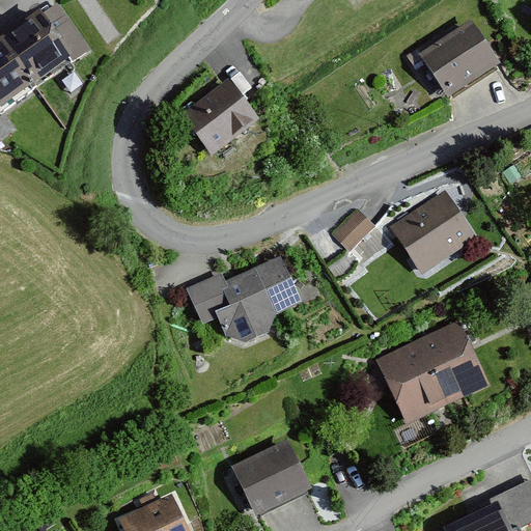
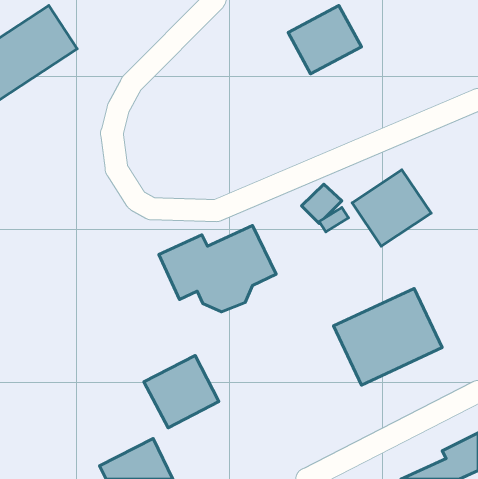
building: [419,25,500,101] -> [288,5,361,74]
building: [181,81,262,160] -> none
building: [229,439,312,519] -> [144,355,219,428]

